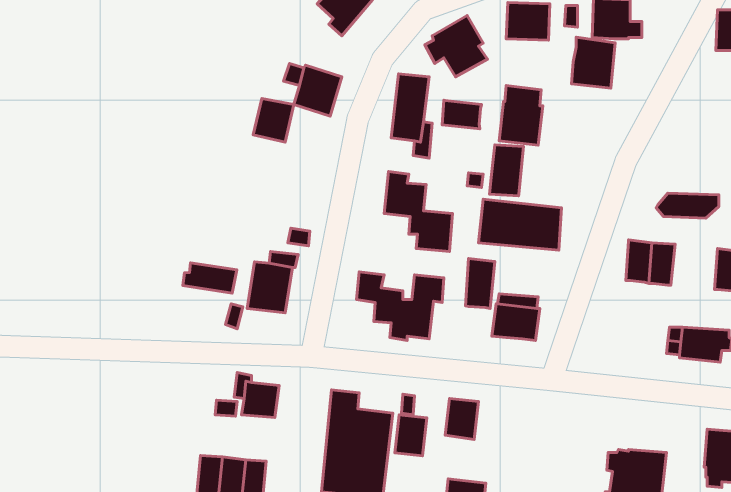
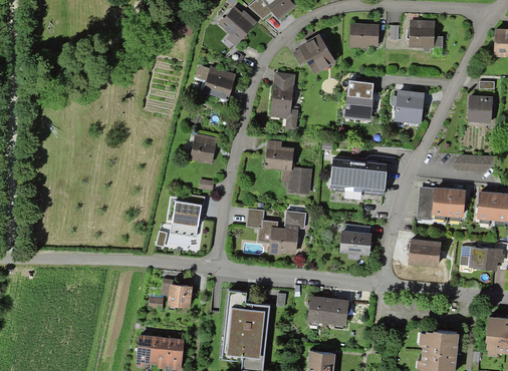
building: [572,37,615,88] -> [395,89,425,124]
building: [253,99,294,142] -> [190,133,218,163]
building: [442,100,481,129] -> none
building: none -> [468,95,493,123]
building: [490,145,524,196] -> none
building: none -> [417,187,434,220]
building: none -> [477,192,495,221]
building: [465,259,495,308] -> none
building: [183,263,237,293] -> none
building: none -> [409,239,441,268]
building: [395,415,427,456] -> [327,298,349,326]

